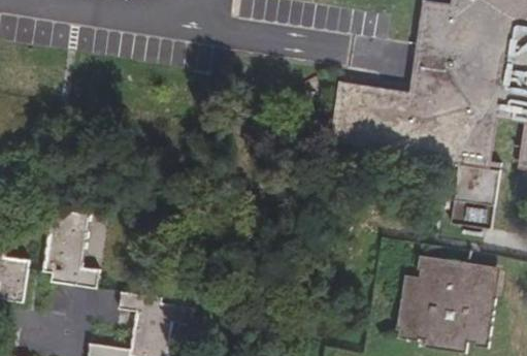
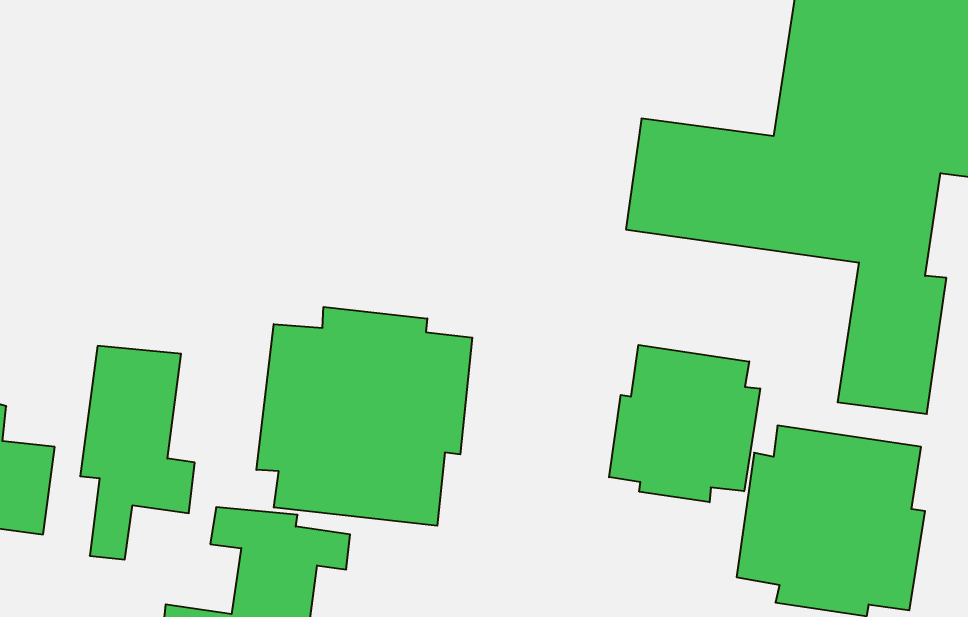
building: none -> [256,307,472,526]
building: none -> [609,345,760,502]

